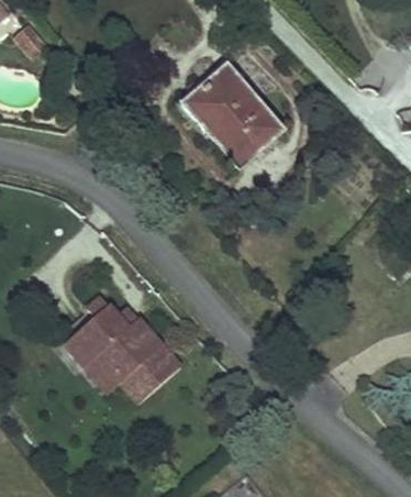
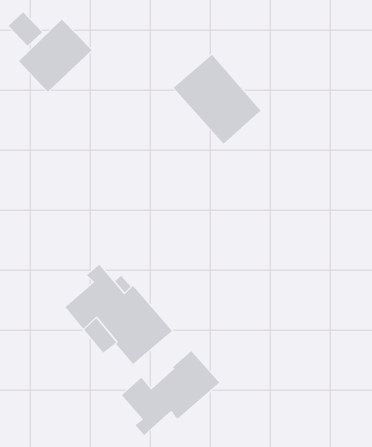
building: none -> [18,19,93,92]
building: none -> [121,350,220,436]

